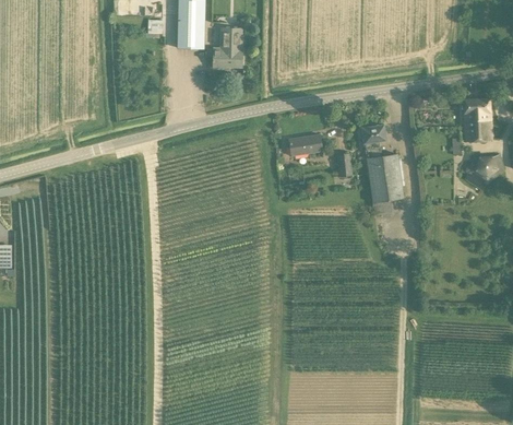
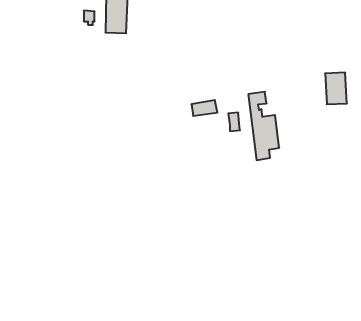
building: [212,27,241,68] -> none
building: [466,153,504,189] -> none

